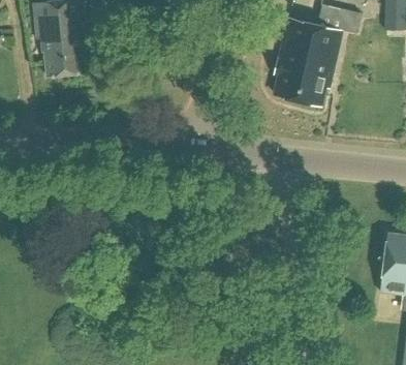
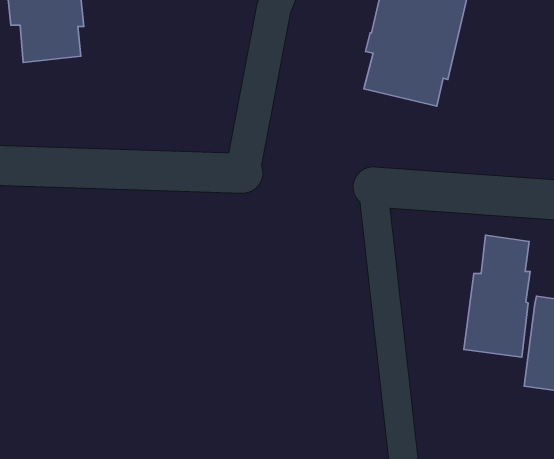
building: none -> [464,235,530,357]

